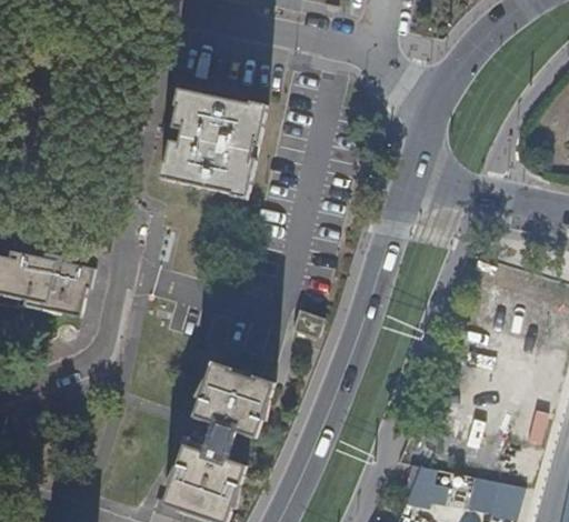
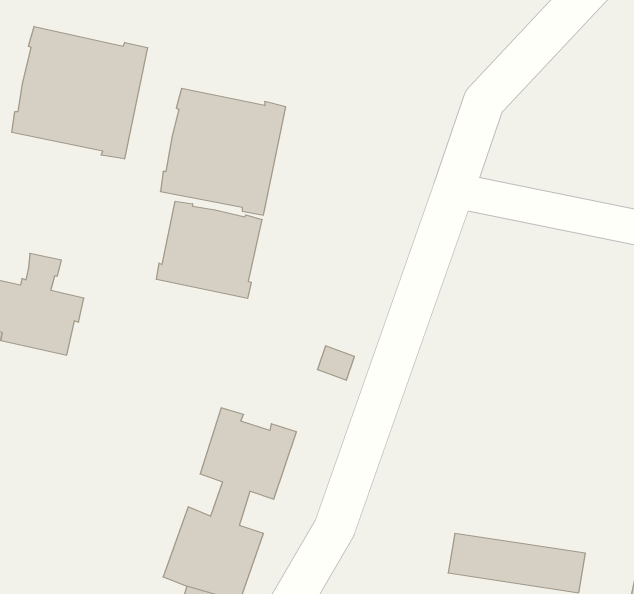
building: none -> [12,26,148,159]
building: none -> [156,201,262,298]

